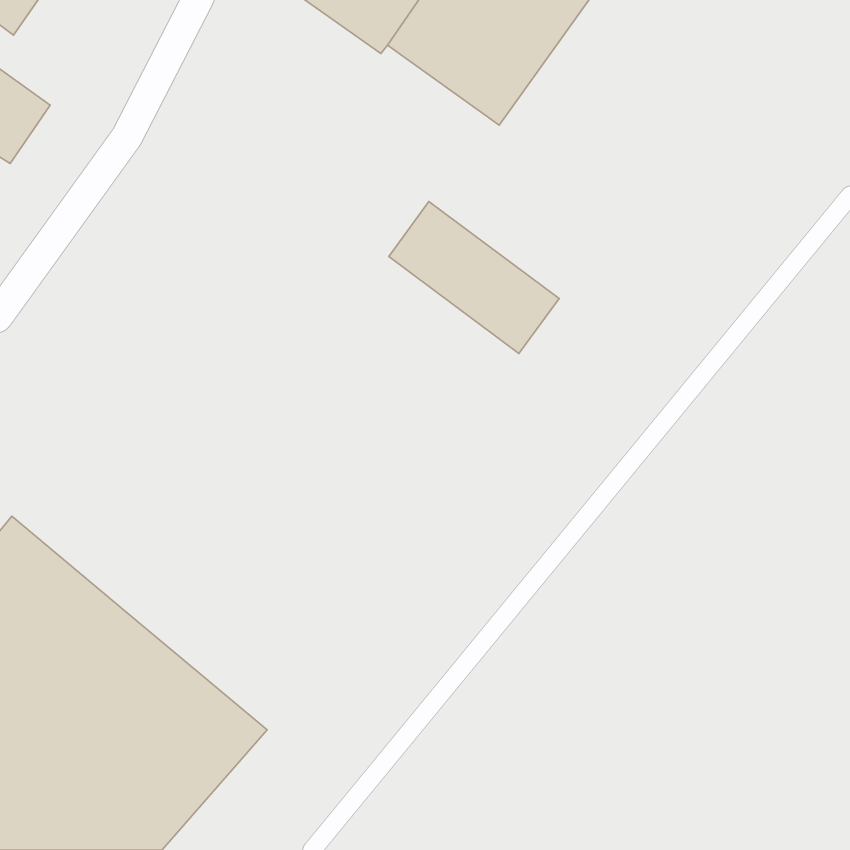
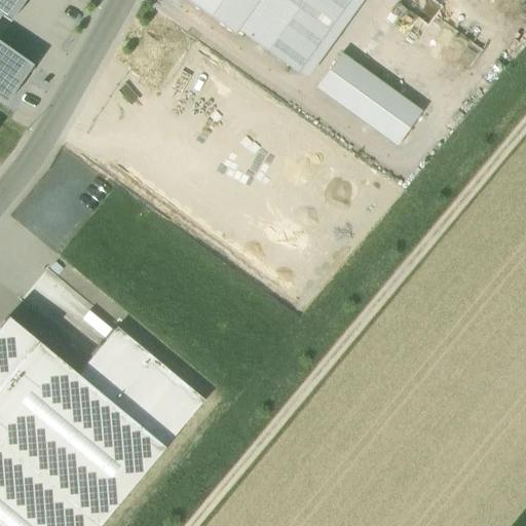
building: [389,201,559,353] -> [318,50,423,144]
building: none -> [77,326,205,449]

